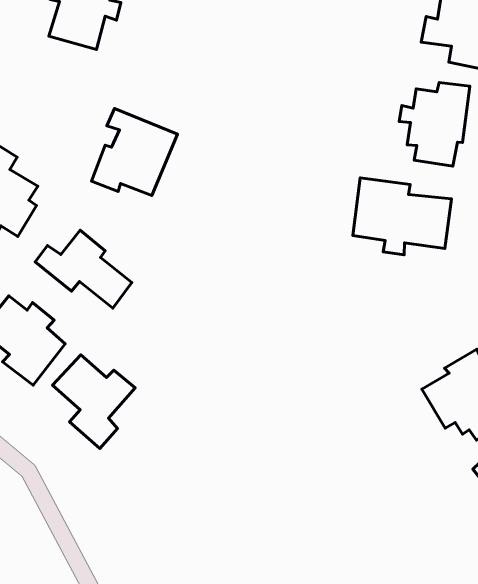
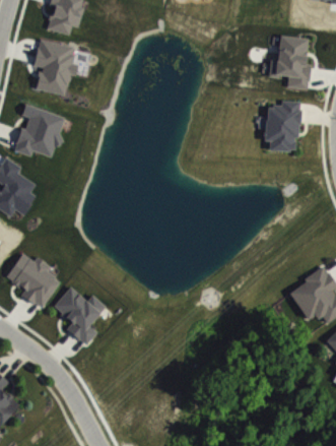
building: [91,108,177,195] -> [14,104,66,156]
building: [353,178,451,255] -> none
building: [35,230,132,308] -> none

